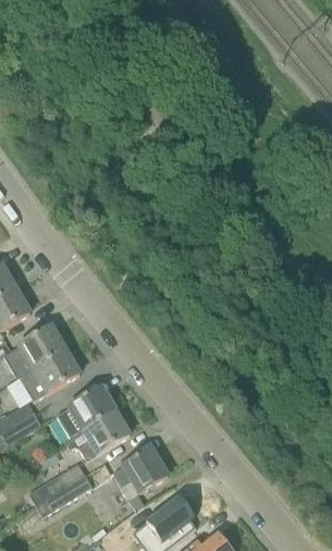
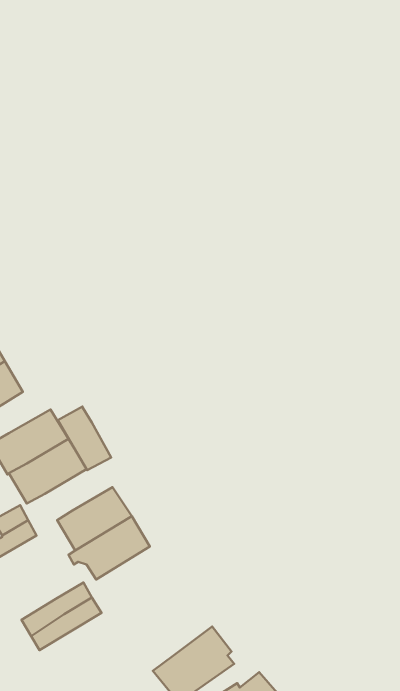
building: none -> [58,406,111,470]
building: [120,448,168,498] -> none

